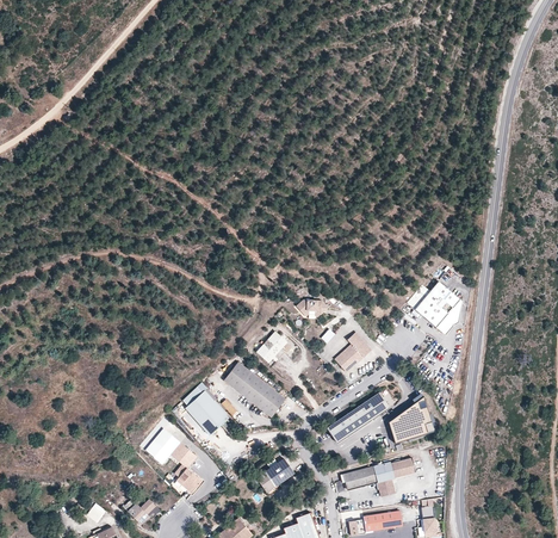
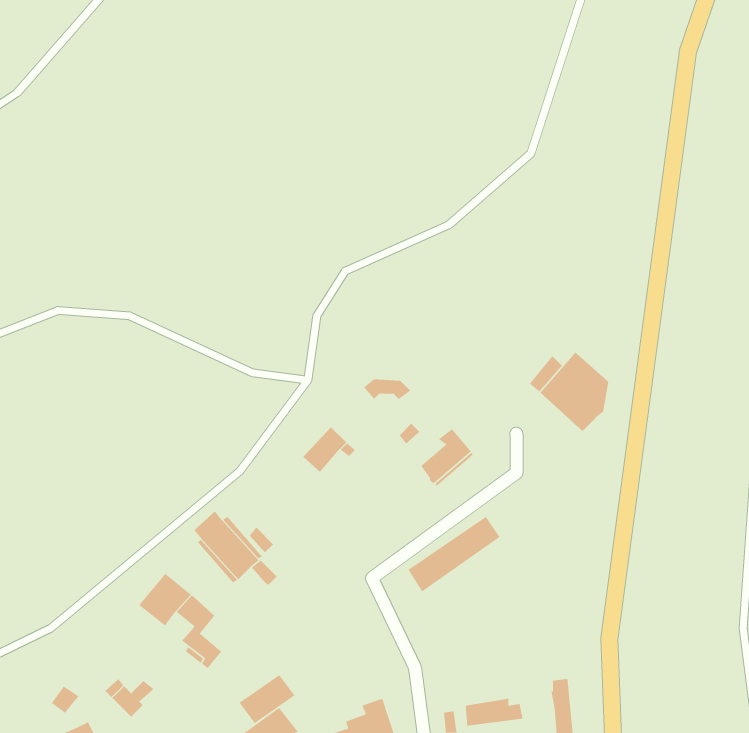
building: [223,360,285,416] -> none
building: [386,394,433,439] -> none
building: [342,457,415,496] -> none
building: [256,459,294,493] -> [238,674,295,724]

